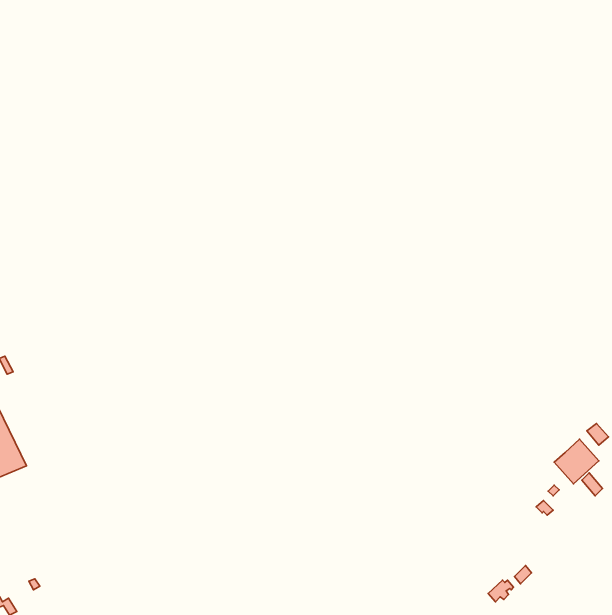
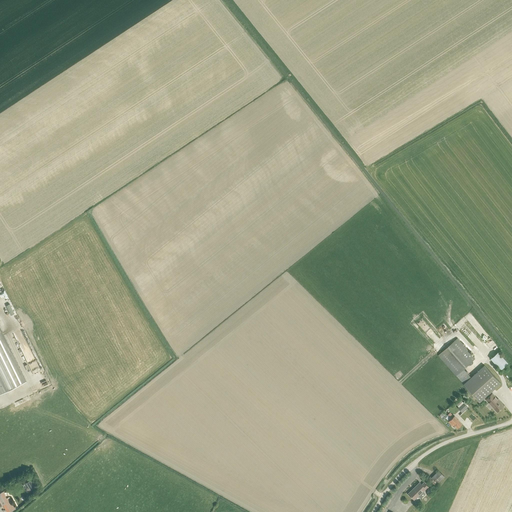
building: none -> [436,338,473,384]

